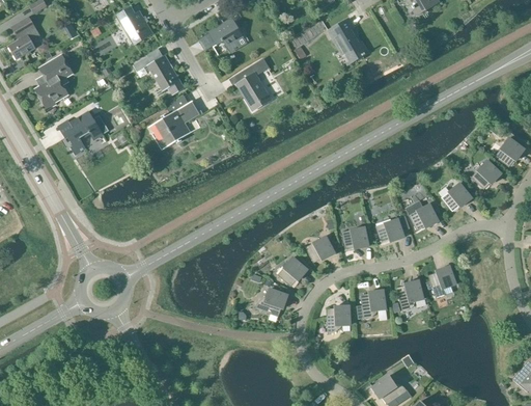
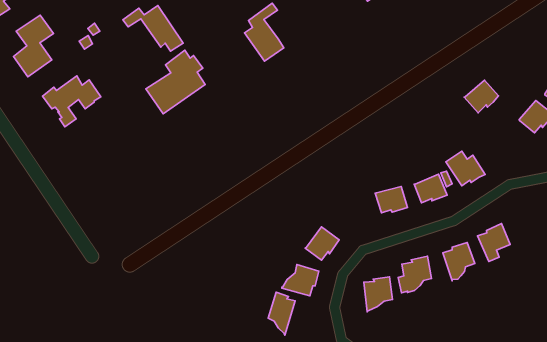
building: [441,183,471,211] -> [464,80,499,113]
building: [305,236,334,262] -> none
building: none -> [268,292,295,335]

